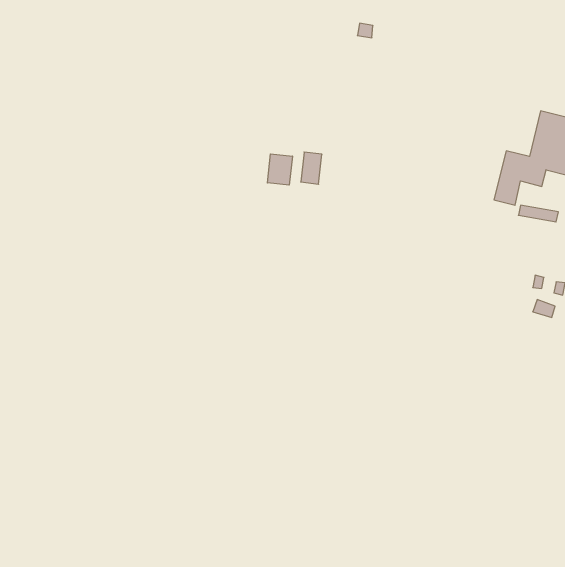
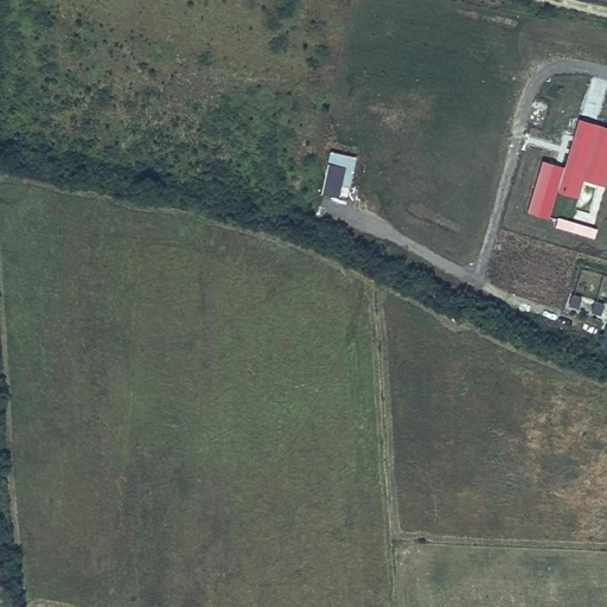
building: [267,154,292,185] -> none

